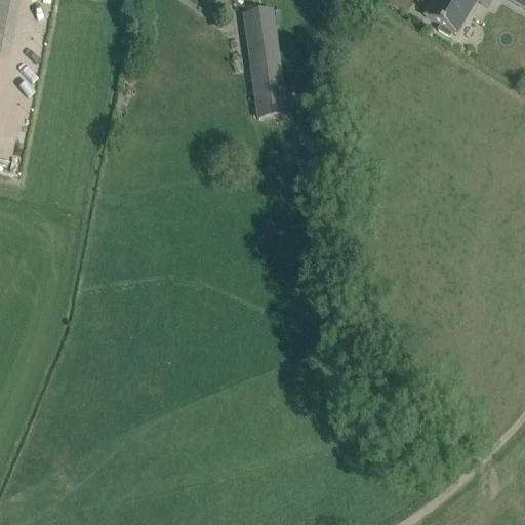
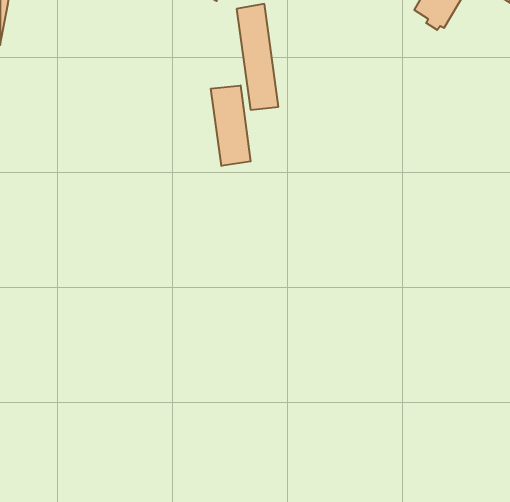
building: none -> [211,85,251,166]

